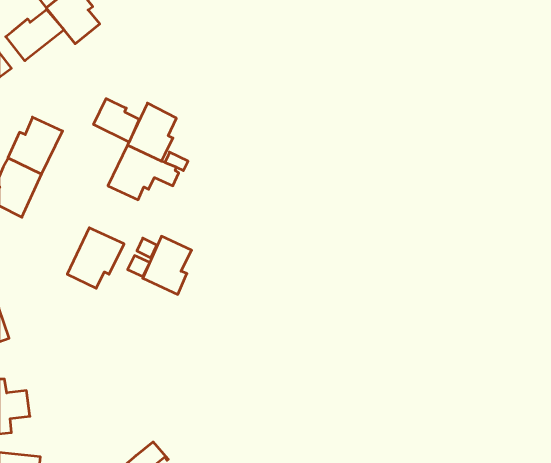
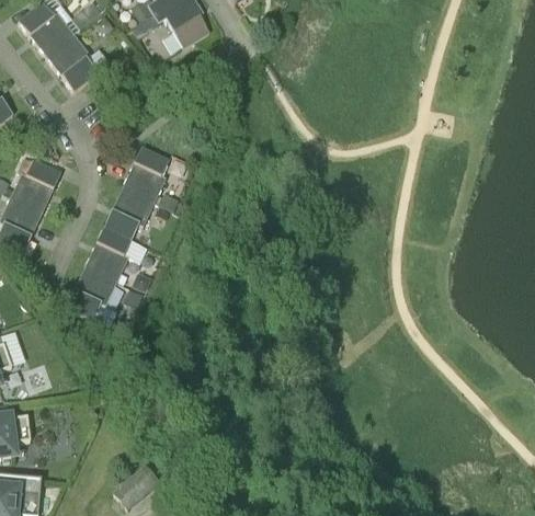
building: [6,9,64,61] -> none
building: [94,99,139,142] -> none
building: [143,236,192,294] -> [87,223,133,278]

